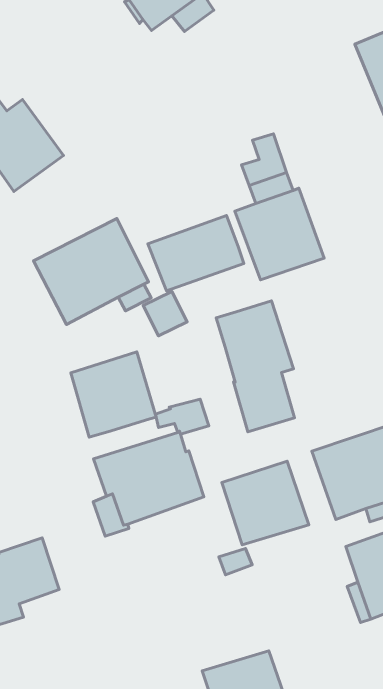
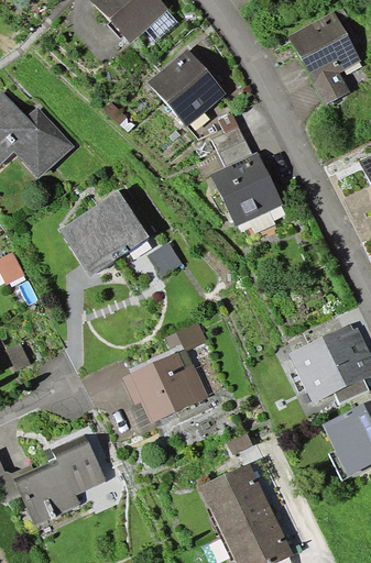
building: none -> [148,48,226,126]
building: [148,215,244,291] -> none
building: [216,301,294,432] -> none
building: [71,352,156,437] -> none
building: [222,461,309,545] -> [201,463,272,531]

